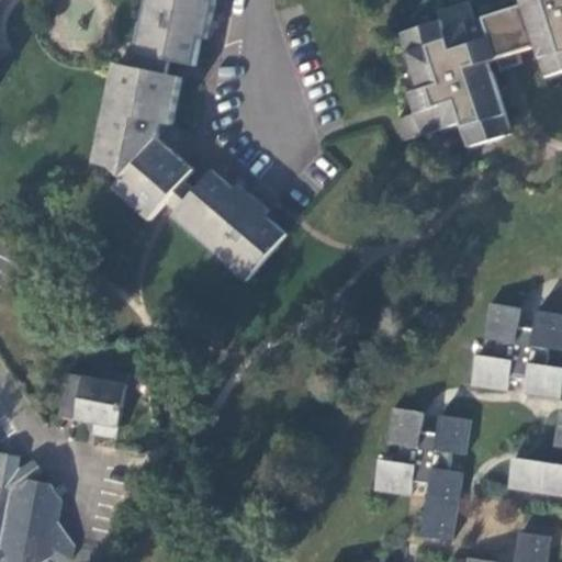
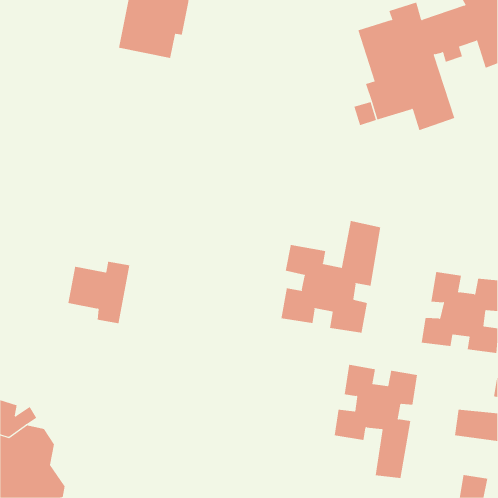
building: [94,63,191,222] -> none
building: [173,171,283,280] -> none
building: none -> [281,220,381,334]
building: [58,367,128,437] -> [68,261,130,324]

